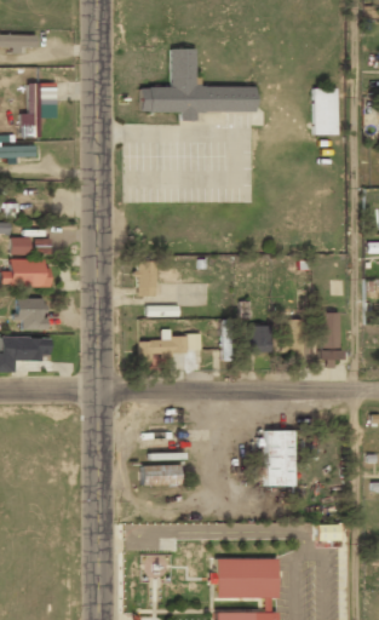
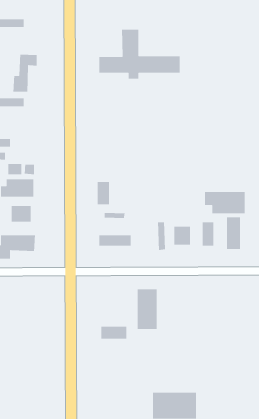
building: [317,91,334,134] -> none
building: none -> [204,191,246,214]
building: [265,430,294,488] -> [137,288,158,330]

